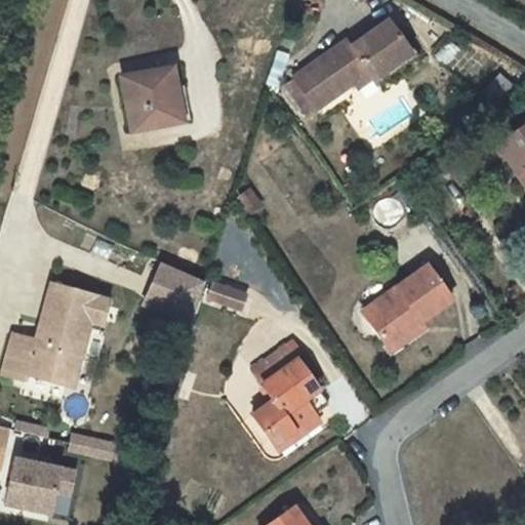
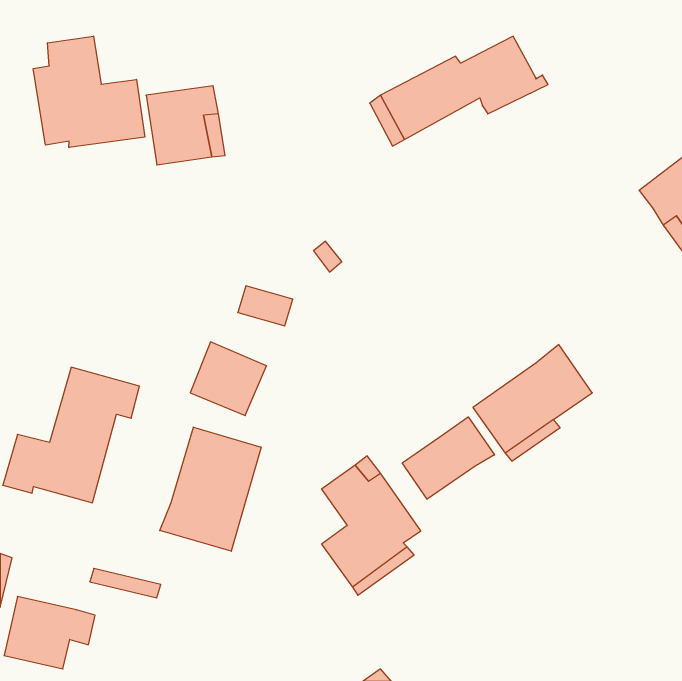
building: none -> [33,36,145,148]
building: [206,276,248,307] -> [238,286,293,326]
building: none -> [402,417,495,499]
building: none -> [160,427,261,551]

